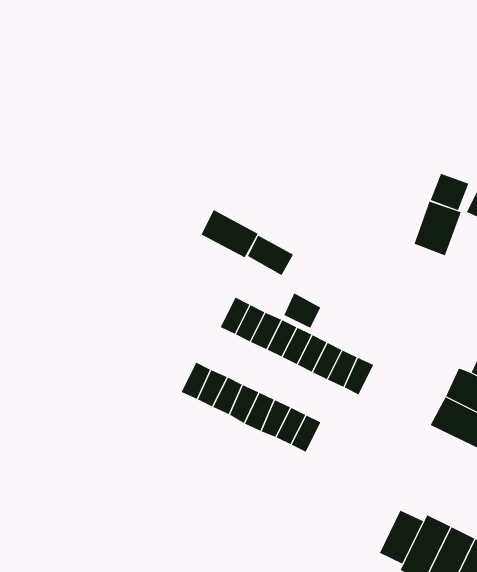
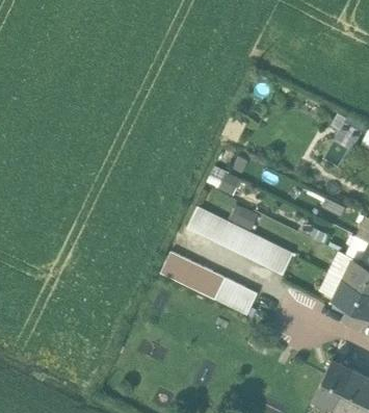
building: [414,201,462,256] -> none
building: [201,209,258,258] -> none
building: [379,510,424,564] -> none

